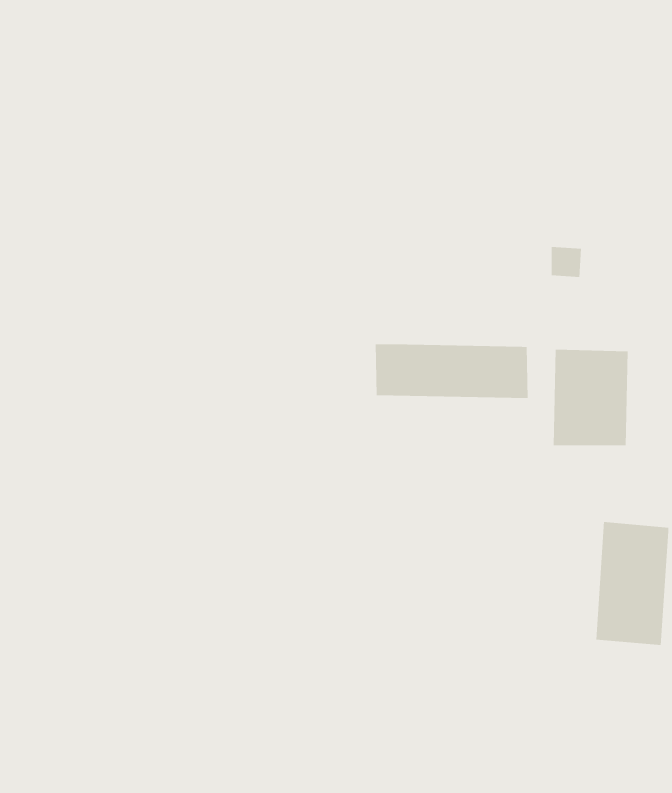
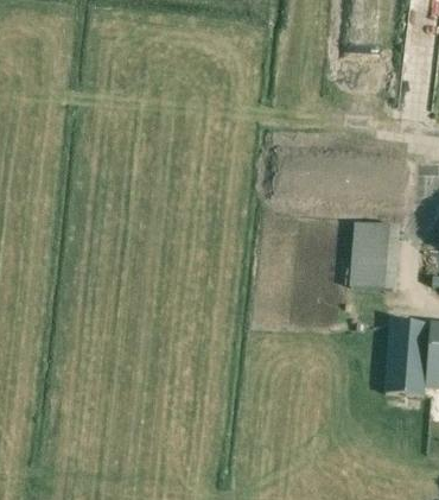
building: [375,343,528,399] -> none

